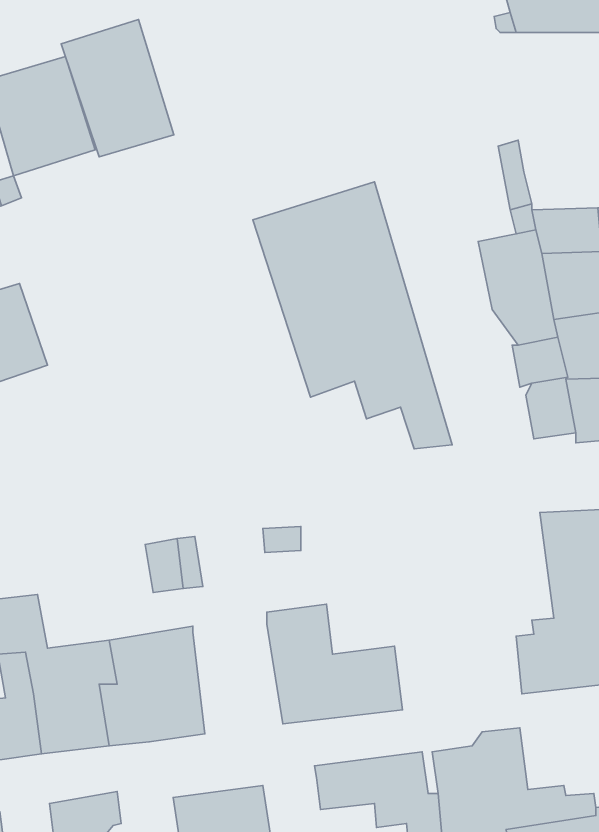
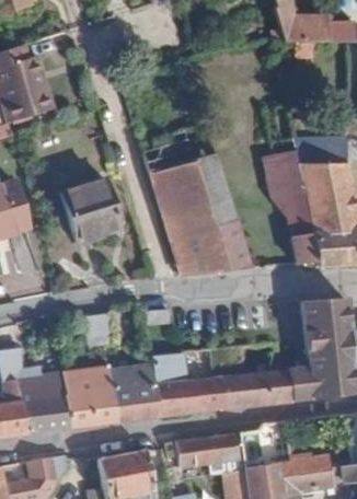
building: [61,19,174,157] -> none
building: none -> [62,175,122,240]
building: none -> [173,232,230,275]
building: none -> [108,365,158,426]
building: none -> [219,369,289,413]

